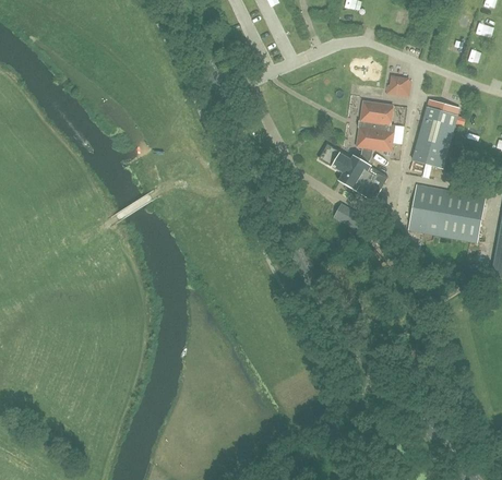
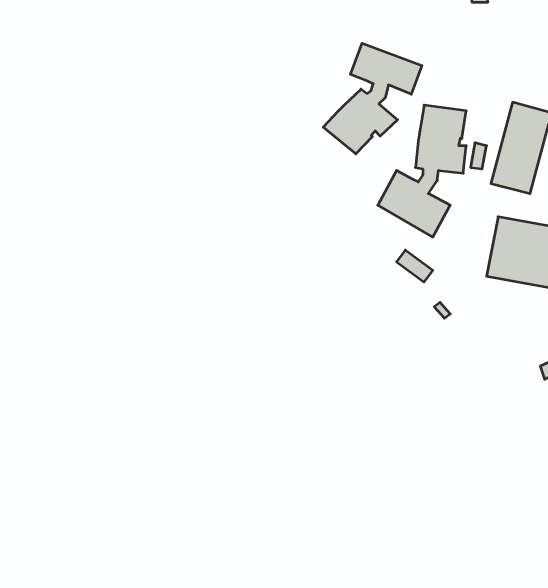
building: none -> [323,43,422,154]
building: [386,75,411,97] -> none

